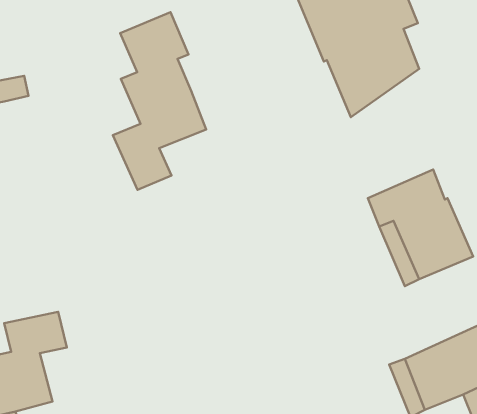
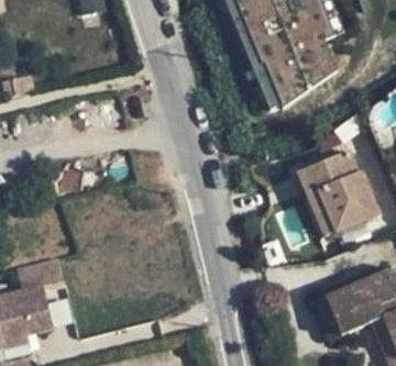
building: [113,12,206,190] -> none

